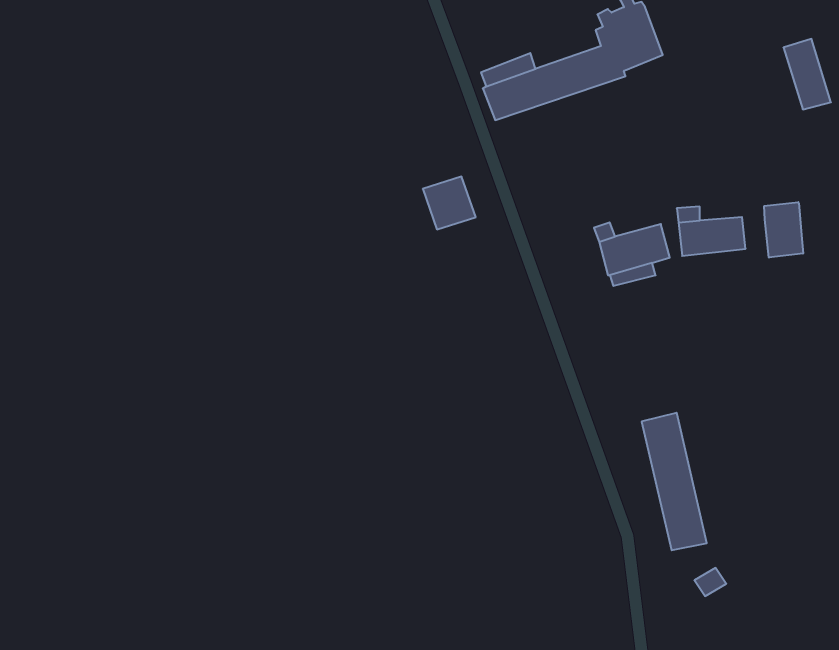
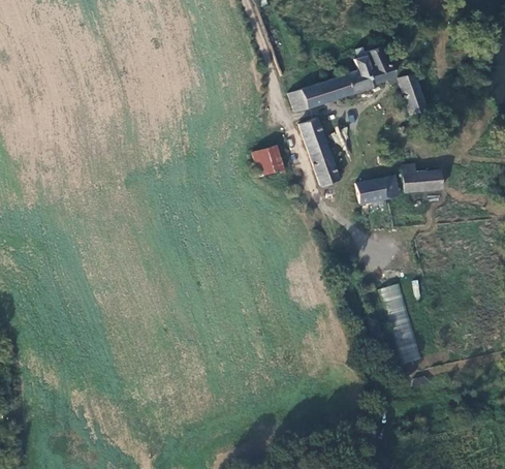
building: [783,39,831,109] -> [399,72,427,114]
building: none -> [299,120,339,185]
building: [764,202,803,258] -> none

